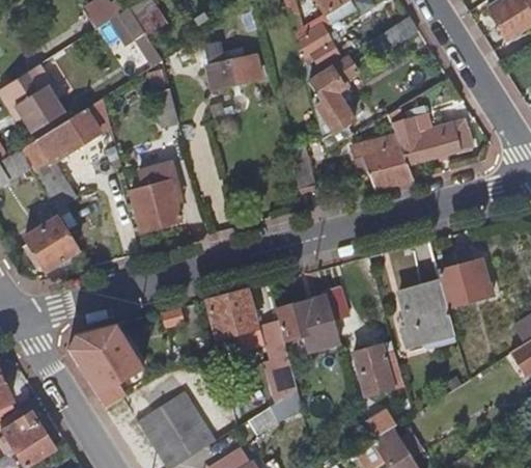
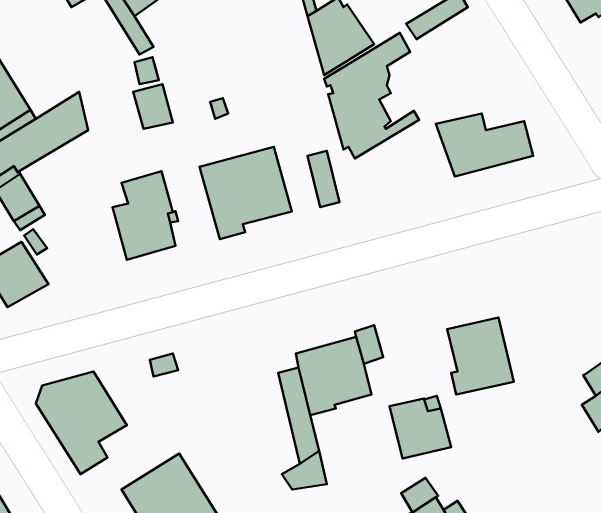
building: [204,42,261,88] -> none
building: [352,134,413,190] -> none
building: none -> [199,147,292,239]
building: [441,258,496,305] -> none
building: [208,286,261,349] -> none

